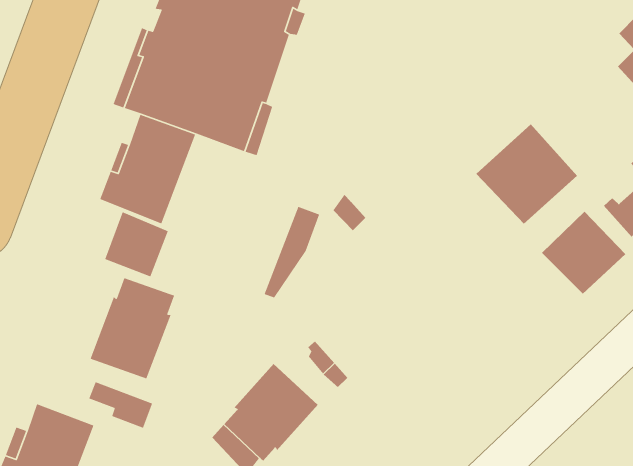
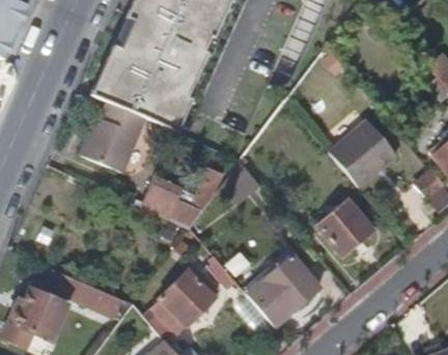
building: [541,211,626,295] -> [317,199,373,254]
building: [104,211,169,277] -> [139,172,183,217]
building: [89,277,175,380] -> none
building: none -> [247,253,320,326]

